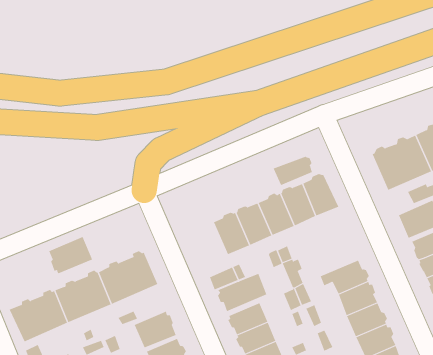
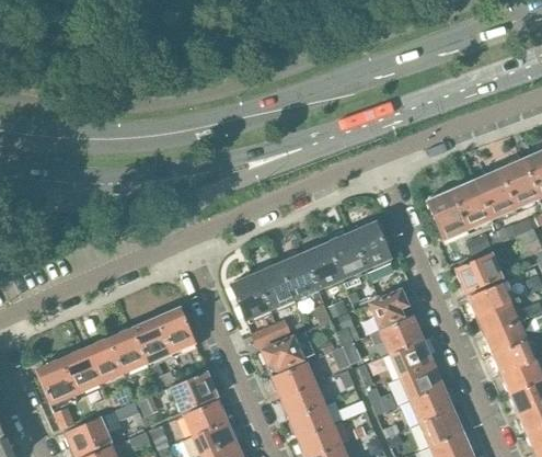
building: [273,156,313,186] -> none
building: none -> [230,275,270,321]
building: none -> [369,288,411,324]
building: [48,236,93,274] -> none

